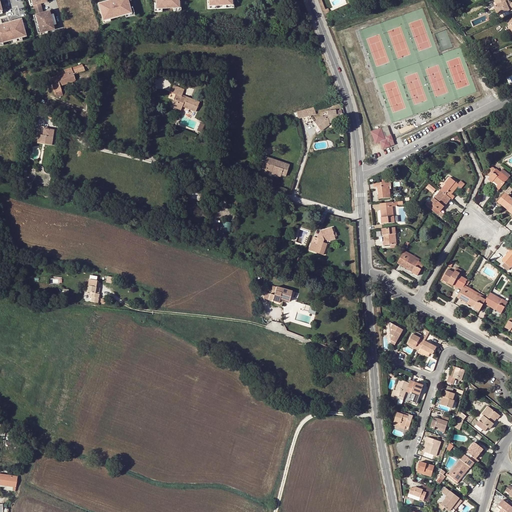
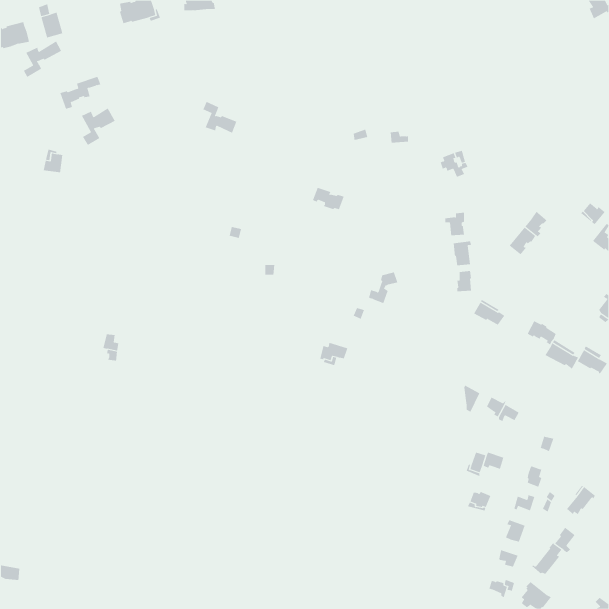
building: none -> [23,41,62,78]
building: none -> [81,108,115,146]

